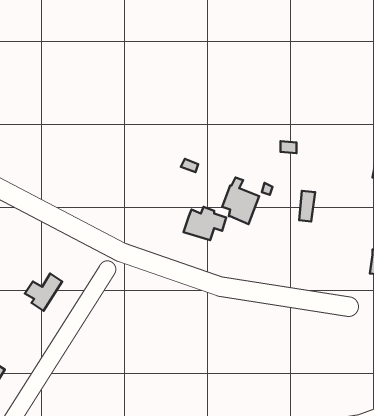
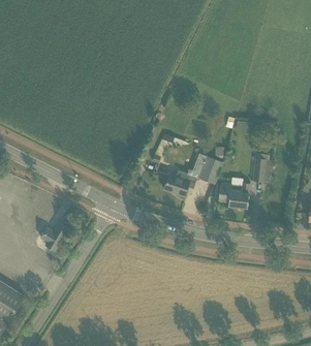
building: none -> [217,183,249,208]

